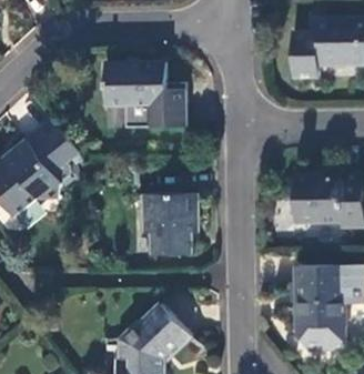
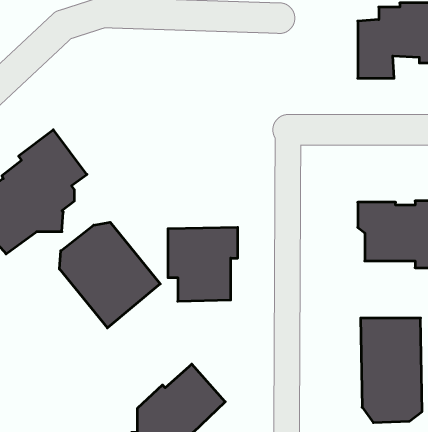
building: [105,63,185,128] -> none
building: none -> [59,222,160,328]

